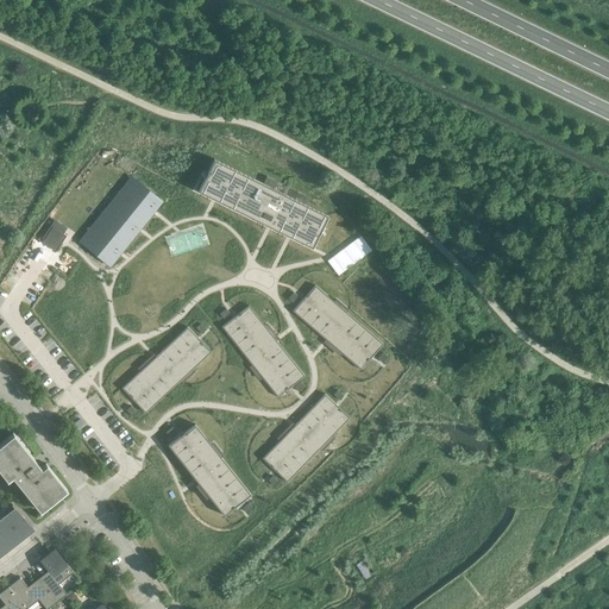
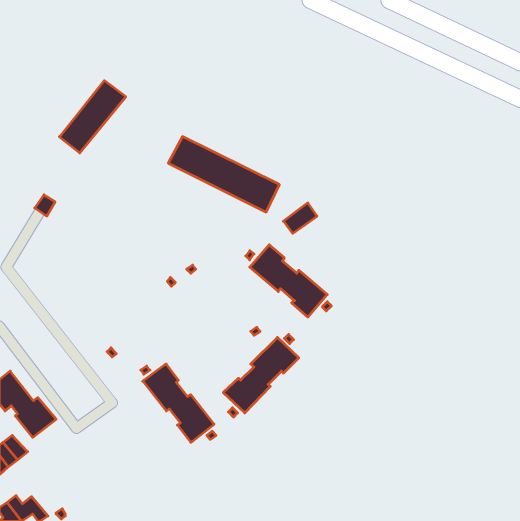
building: [84,182,162,266] -> [59,81,126,153]
building: [220,306,303,397] -> none
building: [120,327,209,413] -> none
building: [37,551,73,602] -> none

